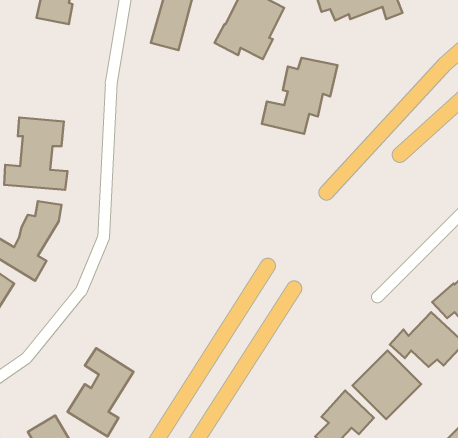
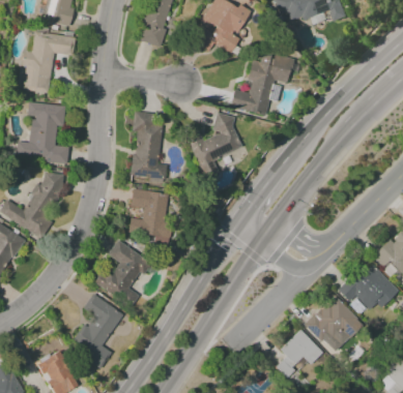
building: none -> [22,32,75,93]
building: none -> [132,112,167,180]
building: none -> [185,113,242,180]
building: none -> [128,189,171,244]
building: none -> [91,241,152,306]

